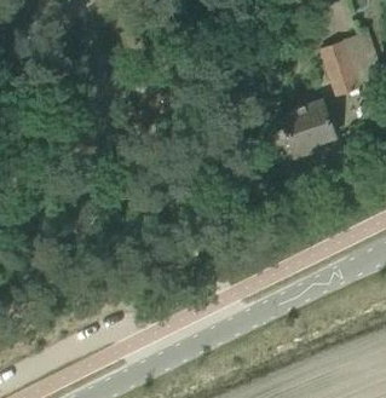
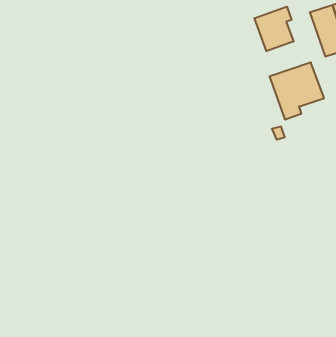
building: none -> [254,7,294,51]

